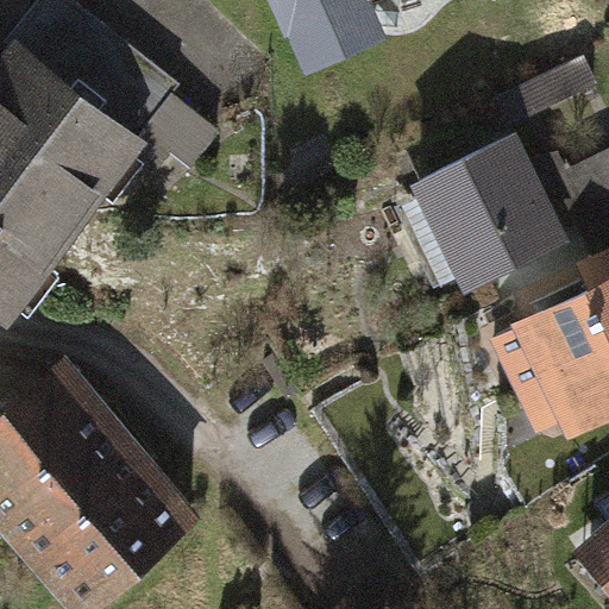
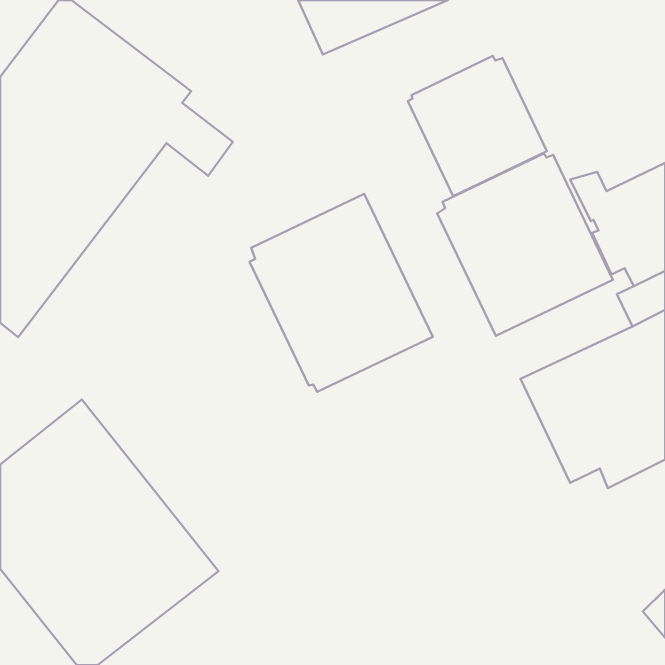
building: none -> [408,56,547,196]
building: none -> [249,194,433,392]

